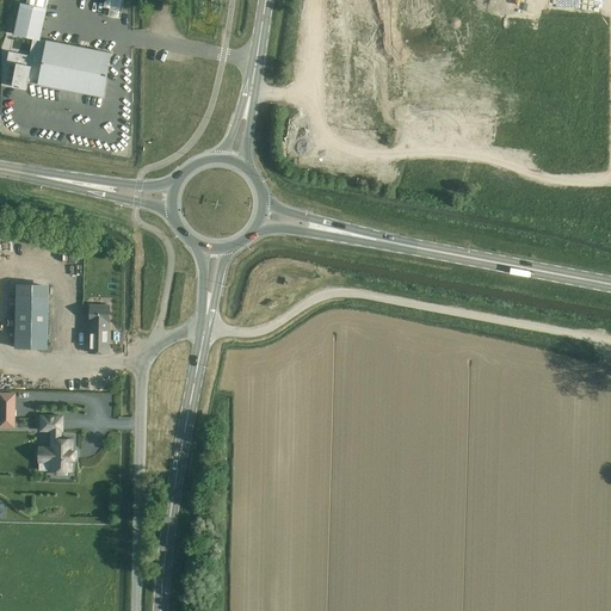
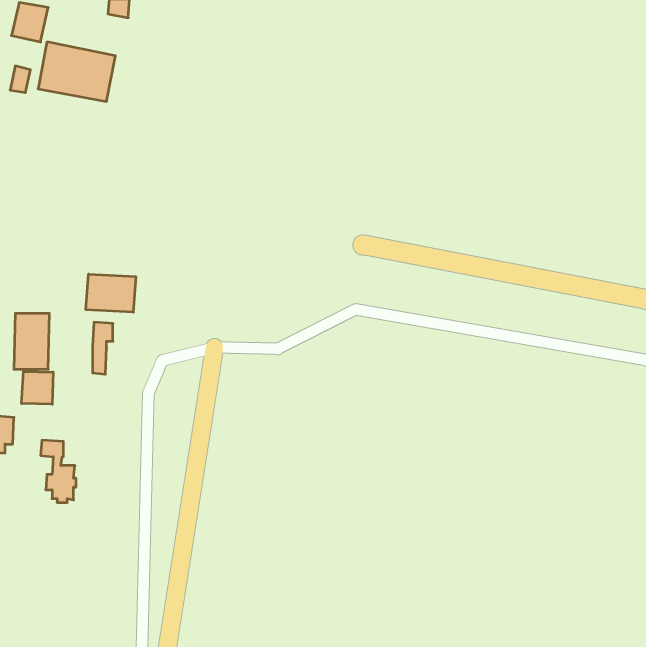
building: none -> [86,274,136,312]
building: none -> [22,372,53,404]

